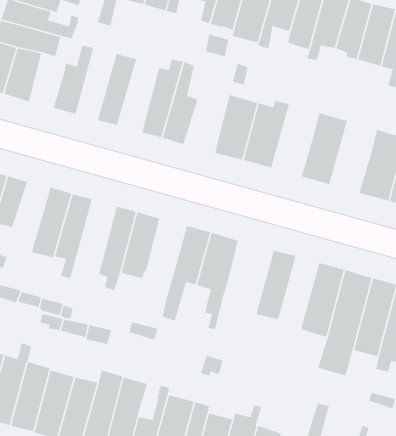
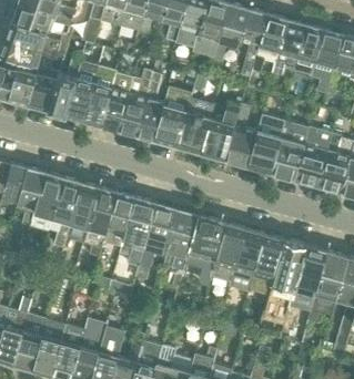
building: none -> [67,62,99,121]
building: none -> [29,66,57,111]
building: none -> [100,72,133,131]
building: none -> [153,89,191,147]
building: none -> [224,104,257,166]
building: none -> [271,121,309,180]
building: none -> [12,170,45,227]
building: none -> [62,184,99,250]
building: none -> [120,199,155,268]
building: none -> [185,217,225,286]
building: none -> [230,229,262,287]

